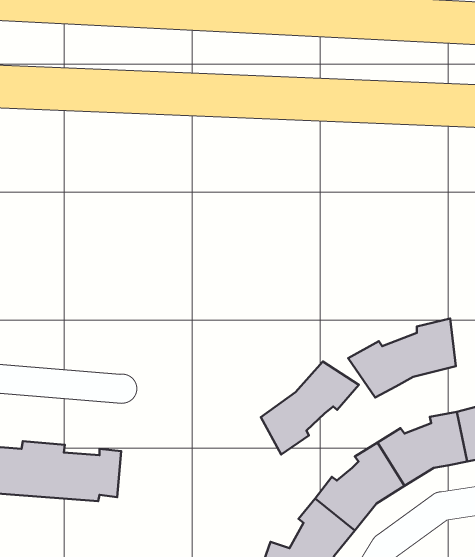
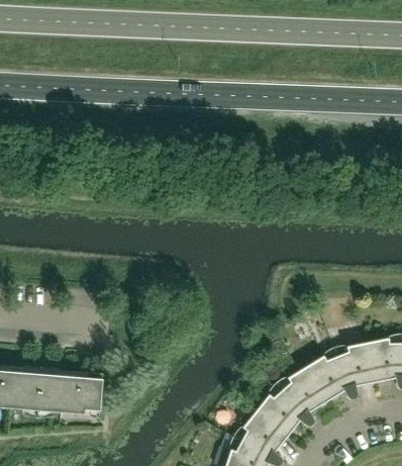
building: [348,318,456,398] -> none
building: [261,361,359,455] -> none

